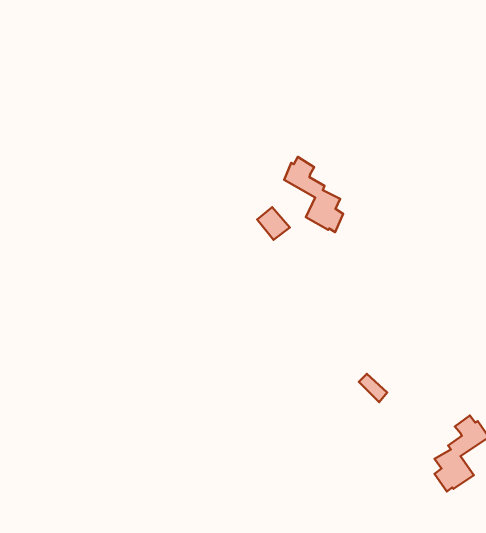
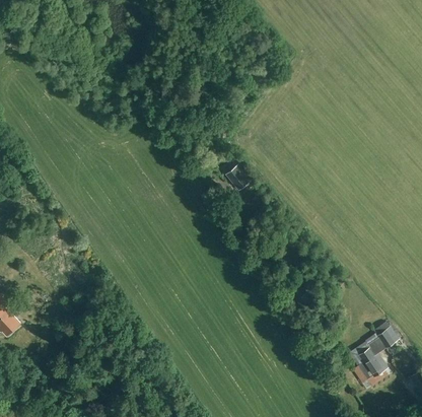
building: [284,157,343,232] -> none

